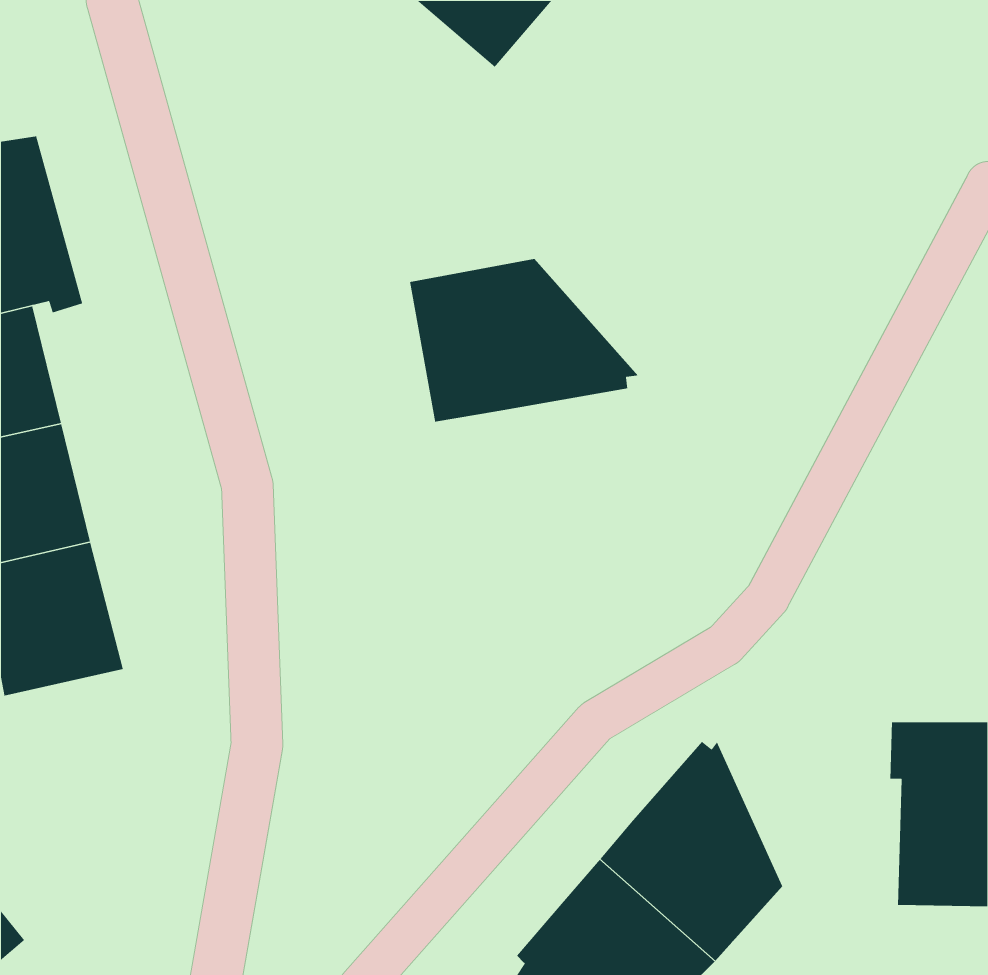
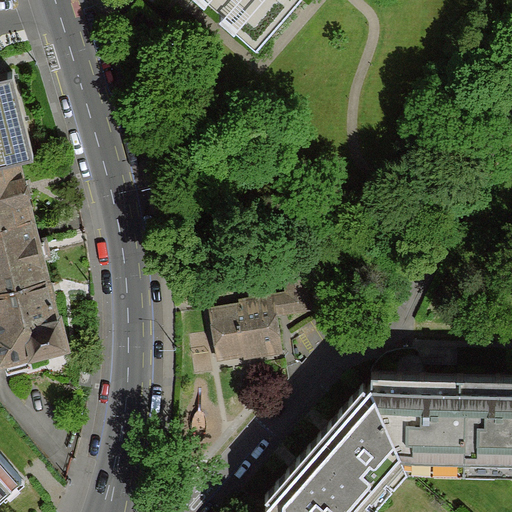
building: [409,258,639,422] -> none
building: none -> [212,269,309,365]
building: none -> [371,378,466,475]

